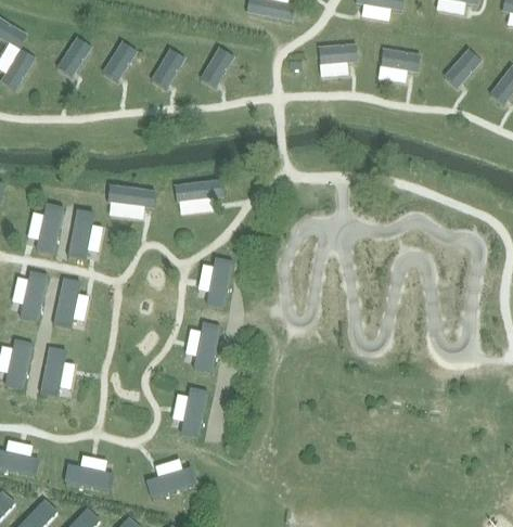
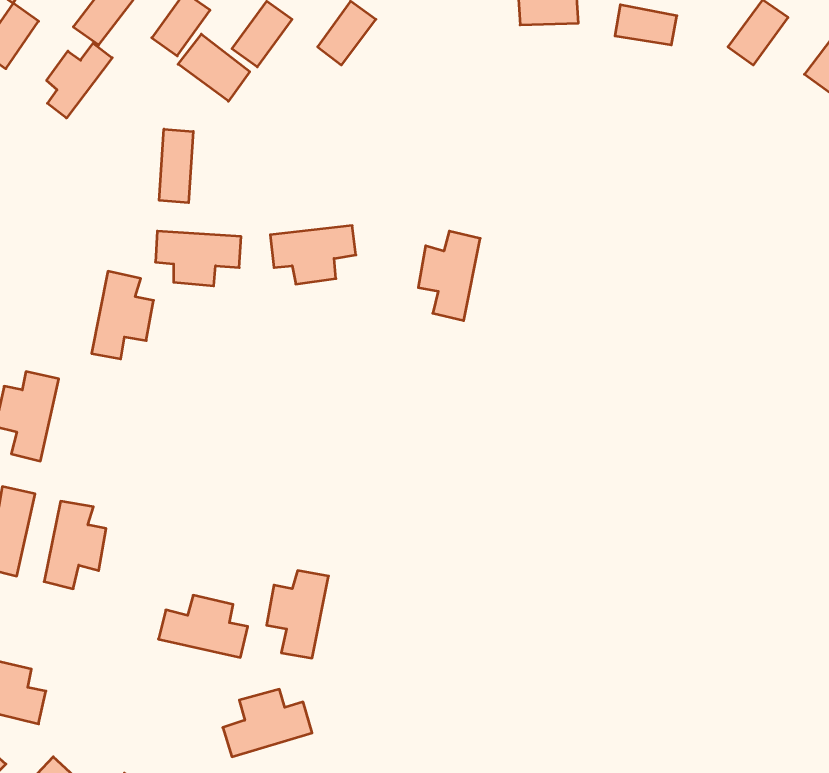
building: none -> [178,34,250,101]
building: none -> [47,43,112,118]
building: none -> [159,129,193,203]
building: [28,203,65,255] -> none
building: [196,256,233,309] -> [418,231,480,321]
building: [52,277,90,329] -> none
building: [185,321,222,373] -> none
building: [63,455,116,492] -> [158,595,248,657]

